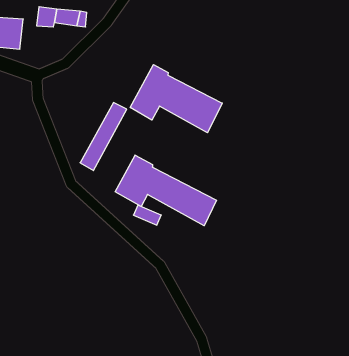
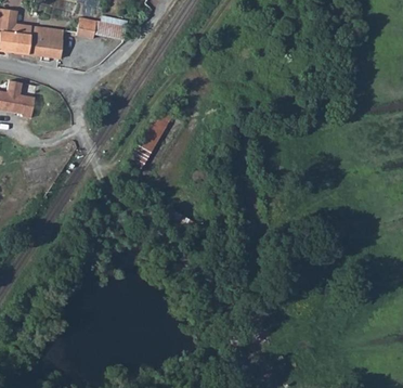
building: [130,65,222,133] -> none
building: [115,155,216,226] -> none

